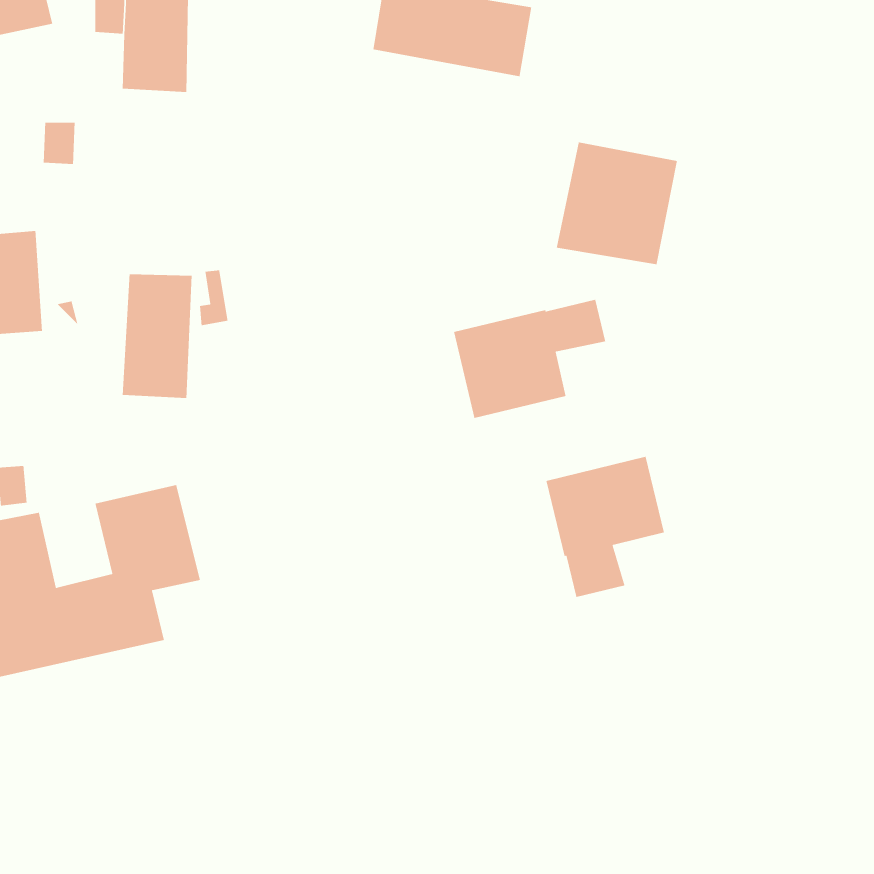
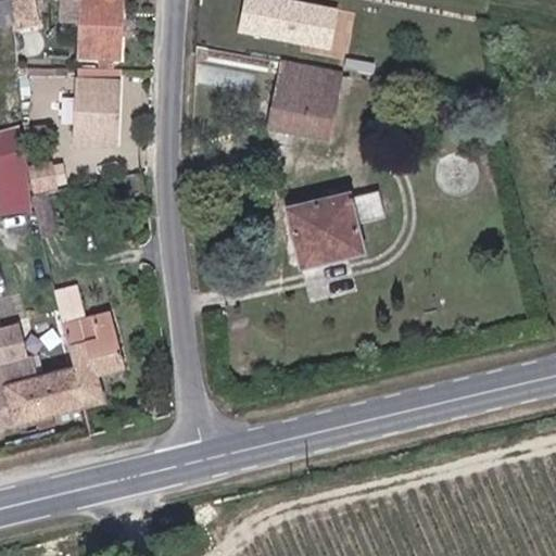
building: [556,142,678,265] -> [264,60,341,138]
building: [122,273,192,399] -> [73,66,117,146]
building: [546,456,665,598] -> none

